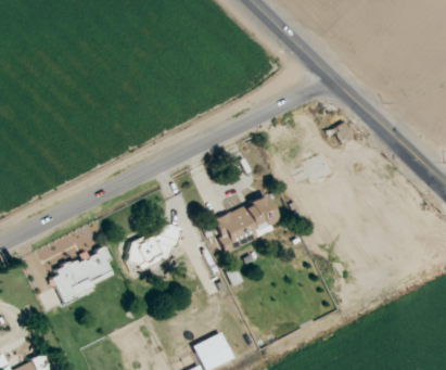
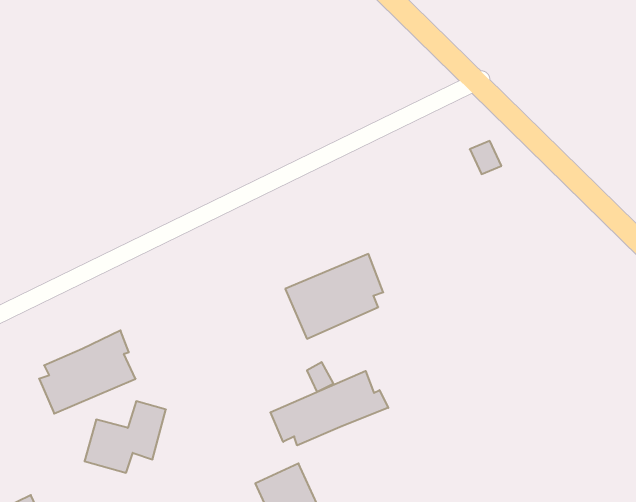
building: [127,221,180,268] -> [84,401,166,473]
building: none -> [270,371,388,445]

